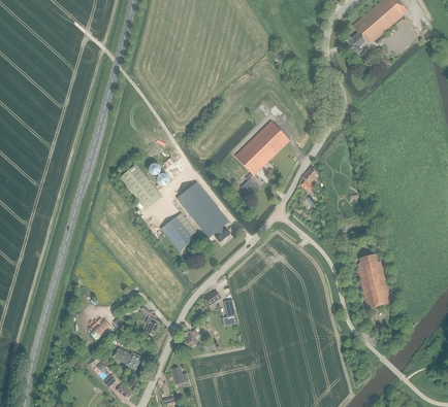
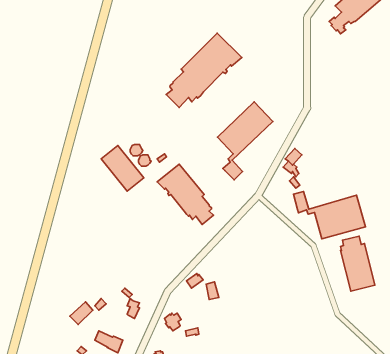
building: none -> [166,33,242,107]
building: none -> [294,191,365,239]
building: [162,212,195,251] -> none

